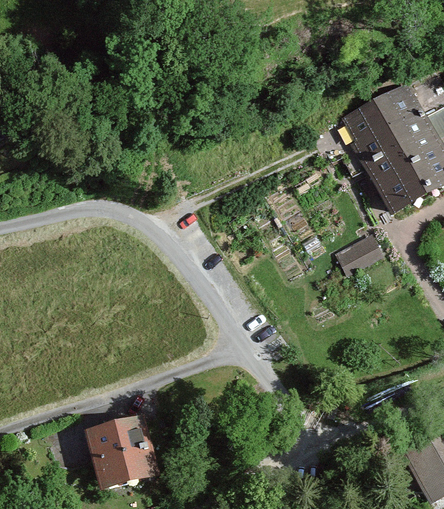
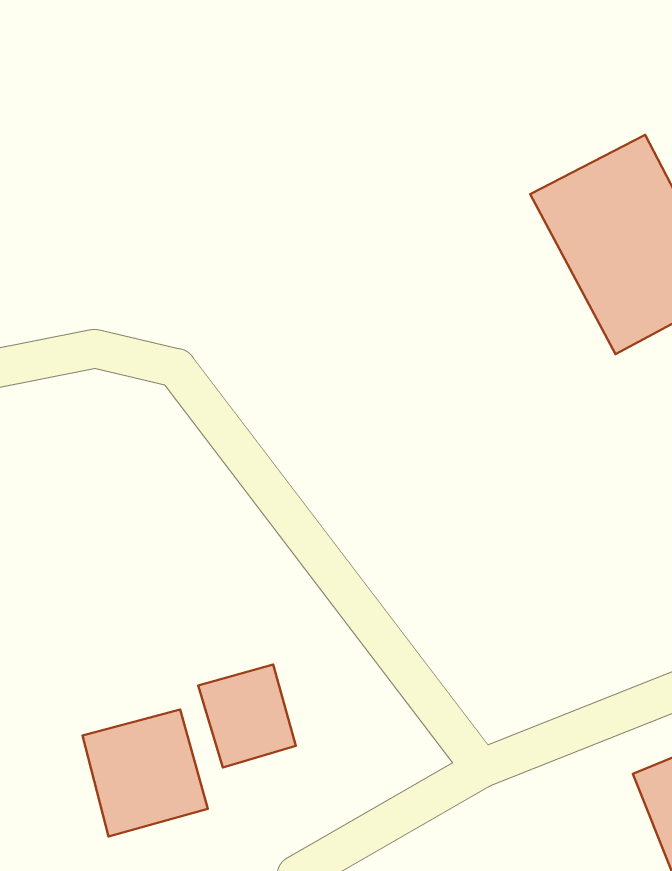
building: [336,234,382,273] -> none
building: none -> [198,665,296,767]

